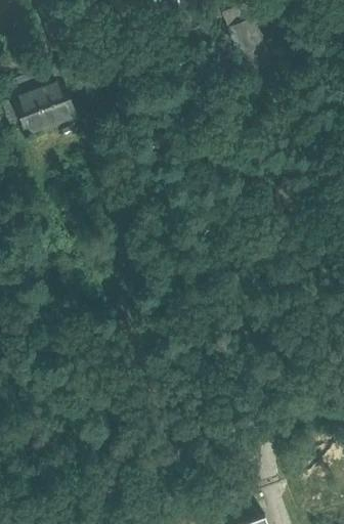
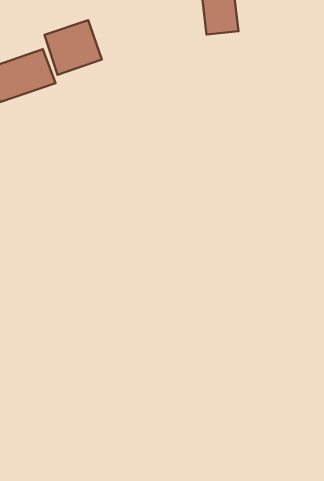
building: none -> [45,20,102,75]

